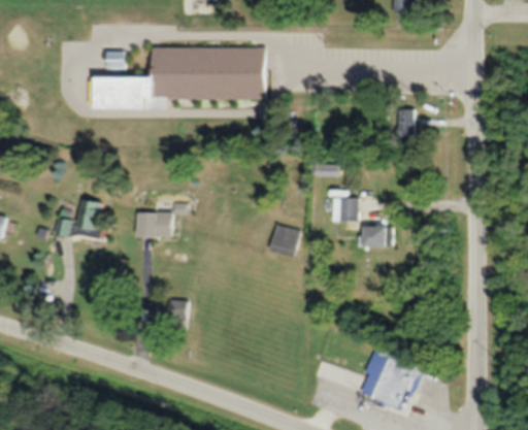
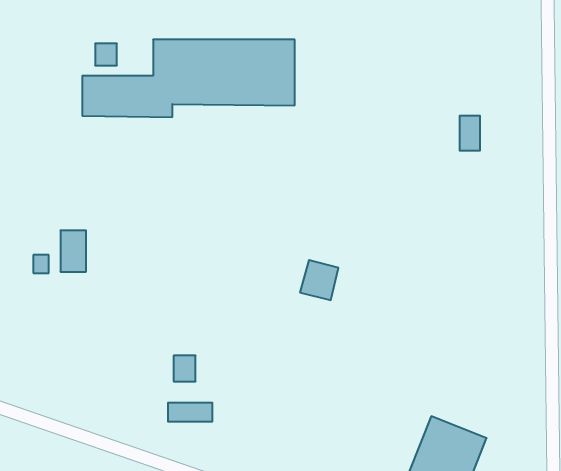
building: [333,197,360,220] -> none
building: [136,211,170,237] -> none
building: [360,224,394,245] -> none
building: none -> [168,403,212,422]

